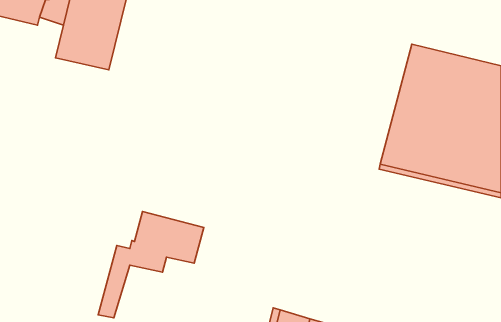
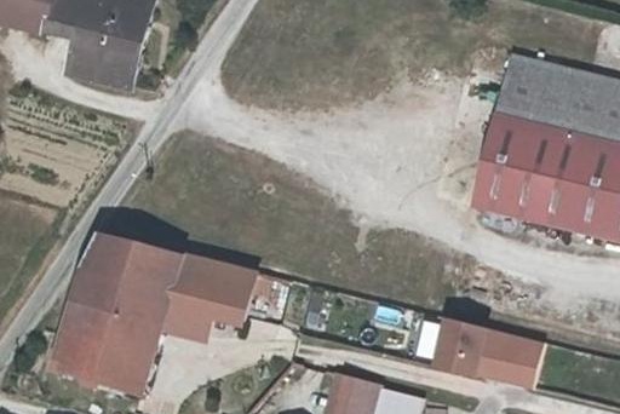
building: none -> [57,241,176,387]
building: none -> [440,316,549,384]

